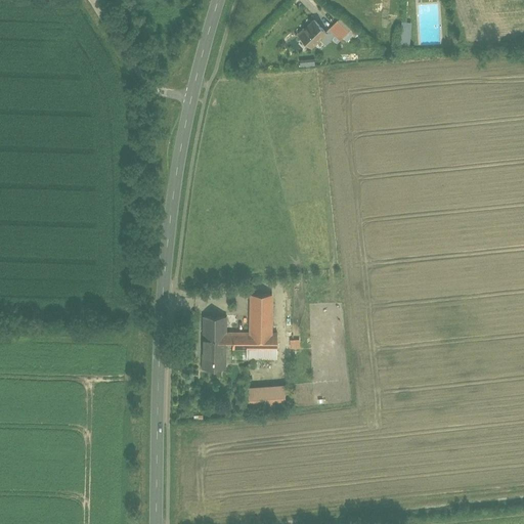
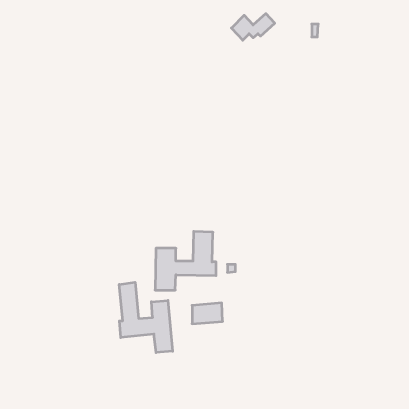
building: none -> [119,282,173,353]

